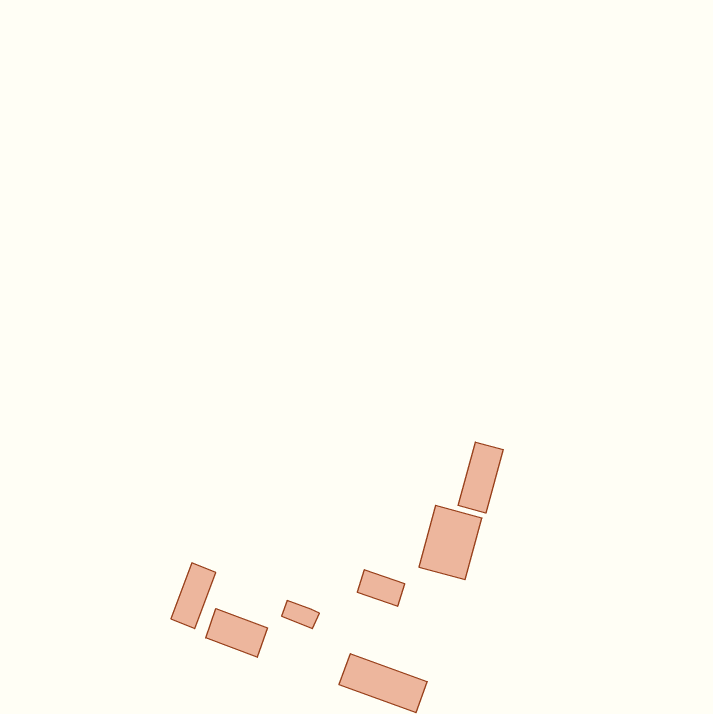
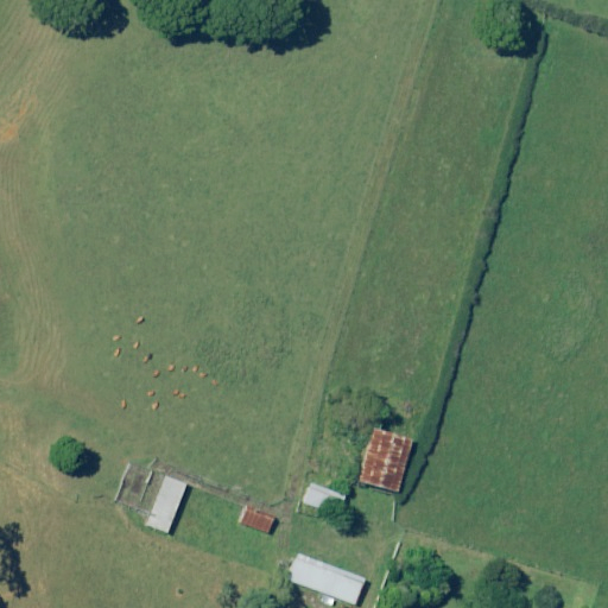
building: [458,442,503,513] -> none
building: [206,609,267,657] -> none

